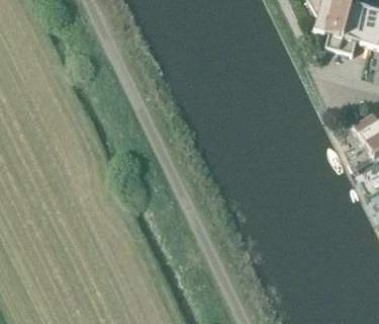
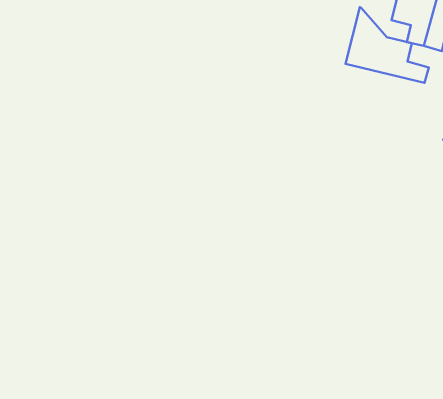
building: none -> [345,7,429,83]

